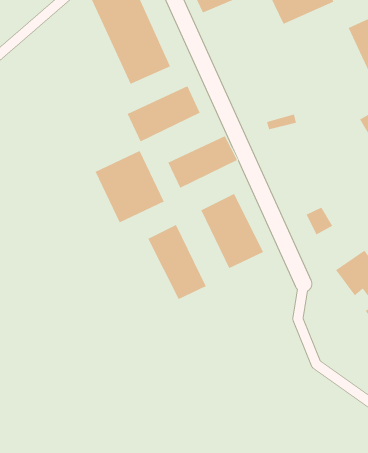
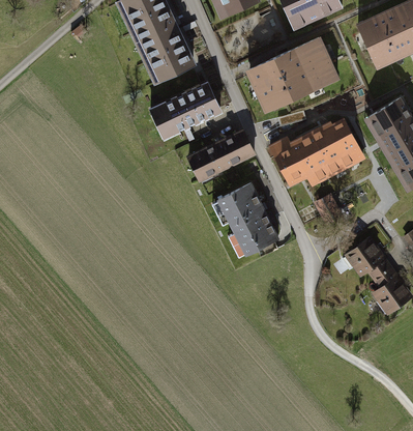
building: none -> [248,37,336,110]
building: none -> [270,119,362,182]
building: [95,150,165,223] -> none
building: [147,224,206,300] -> none

